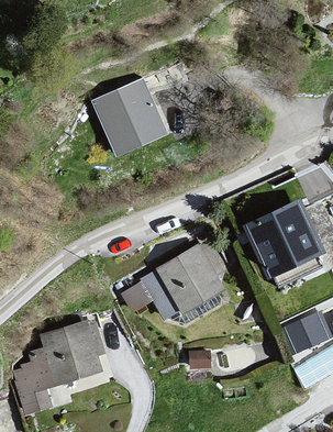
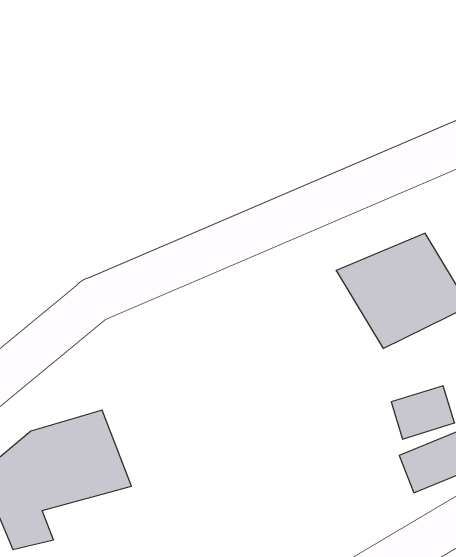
building: [95,82,163,152] -> none
building: [140,243,229,321] -> none

